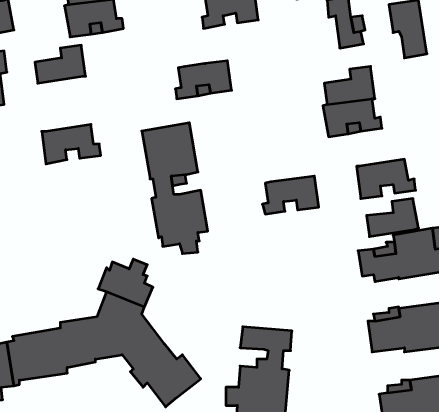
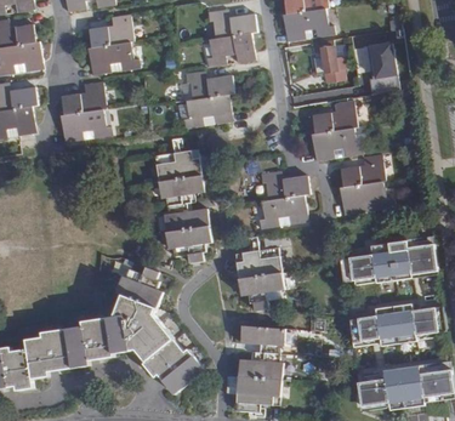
building: none -> [183,70,233,99]
building: [42,124,101,164] -> [59,108,110,142]
building: none -> [258,170,308,199]
building: [367,199,419,237] -> [339,153,383,186]
building: none -> [234,248,283,309]

